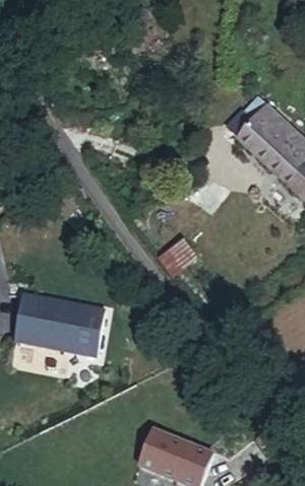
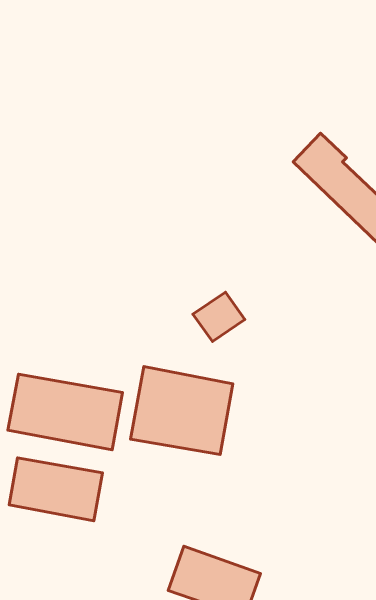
building: none -> [131,367,233,455]
building: none -> [9,458,103,521]

